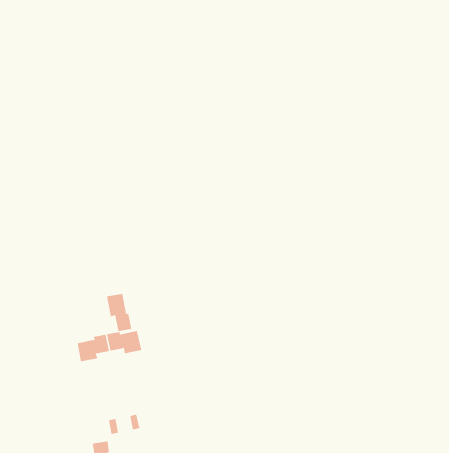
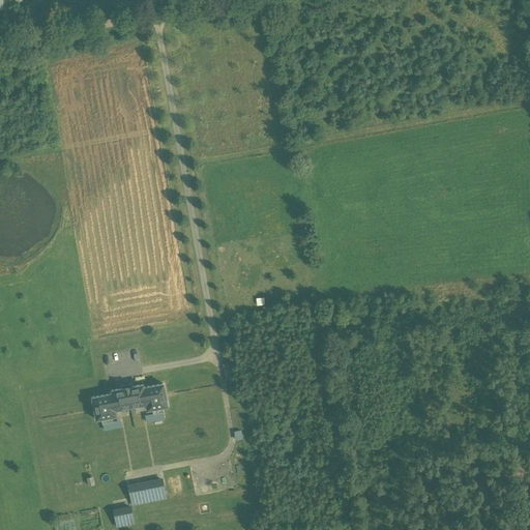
building: [106,293,132,332] -> none

